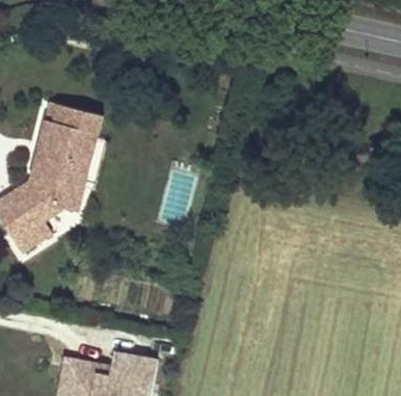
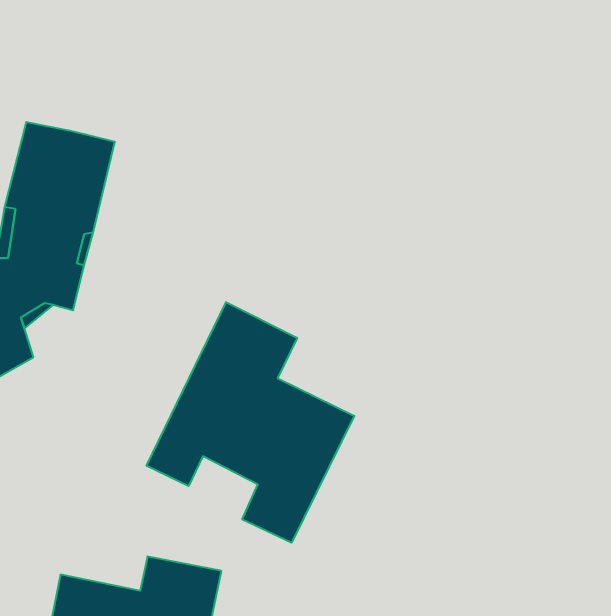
building: none -> [146,302,354,543]

